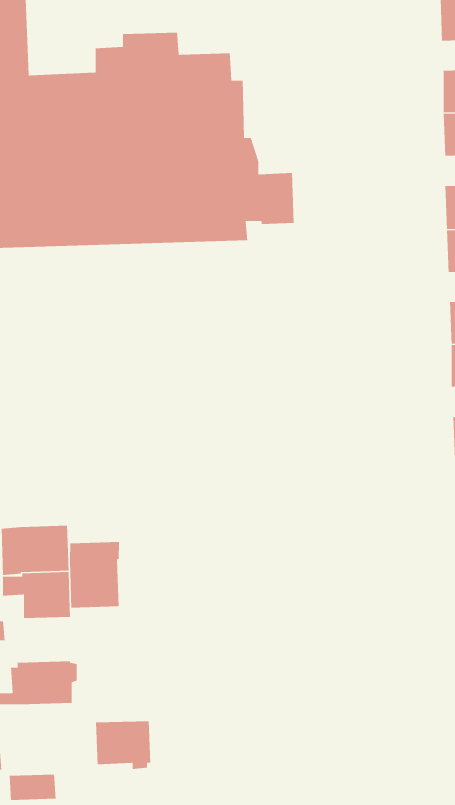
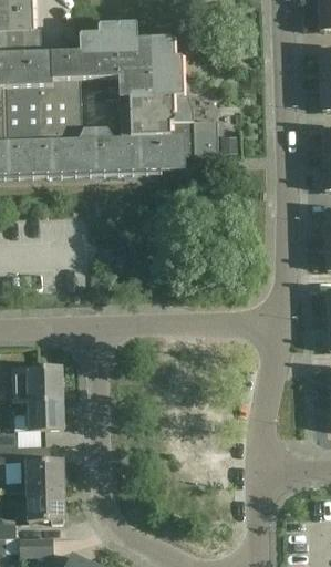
building: [69,541,120,608] -> none
building: [95,720,151,770] -> [27,489,65,524]

